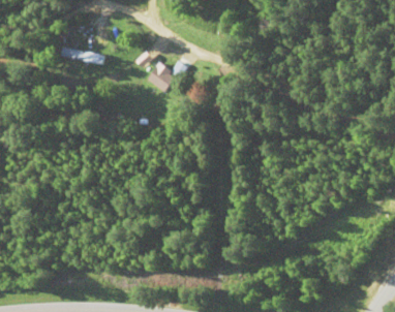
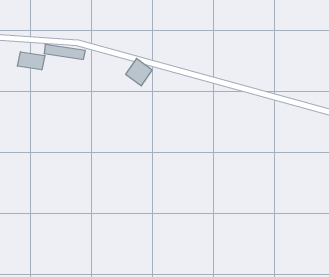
building: none -> [17,52,45,70]

